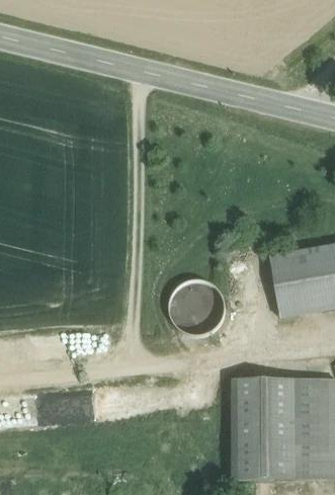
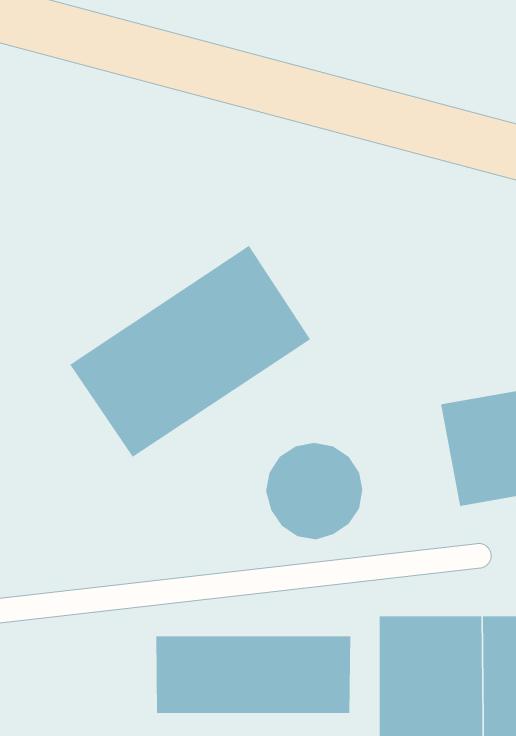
building: none -> [69,245,311,458]
building: none -> [155,635,351,714]

